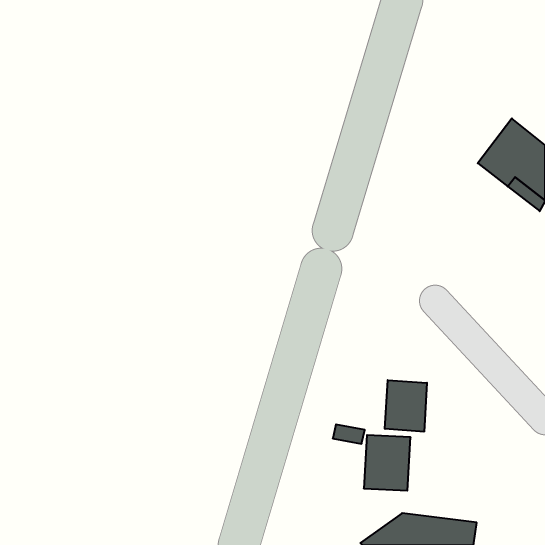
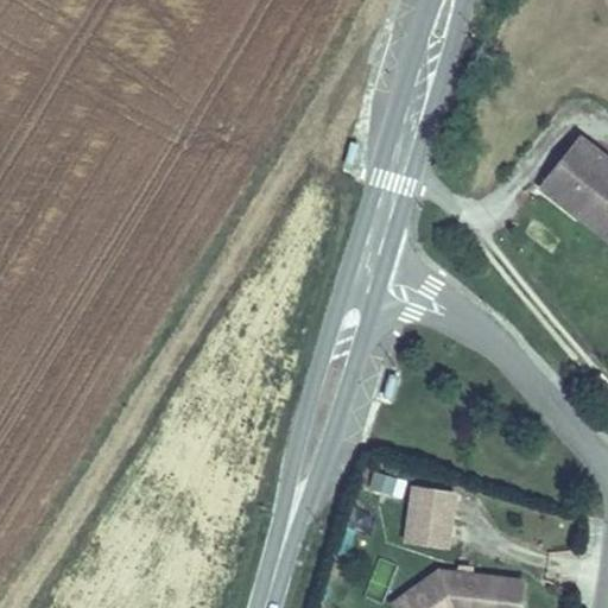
building: [385,380,427,432] -> none

